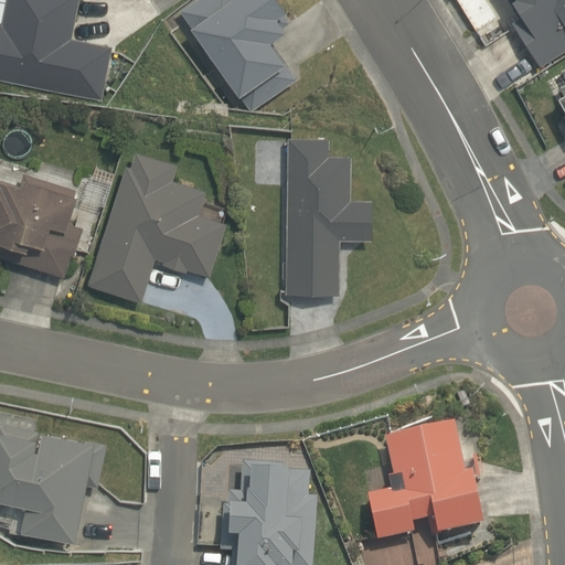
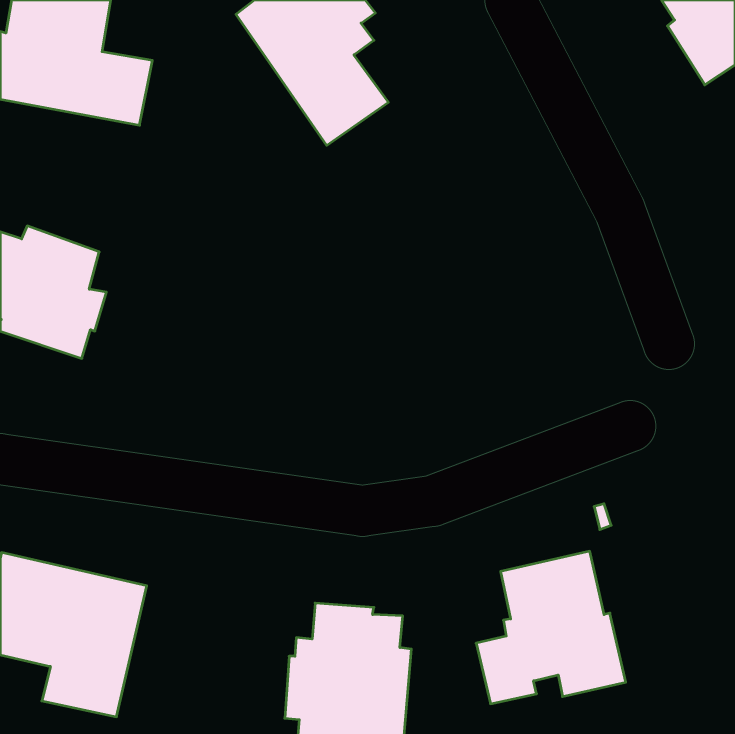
building: [284,137,373,294] -> none
building: [86,151,225,300] -> none

